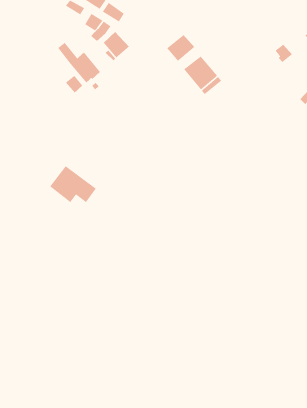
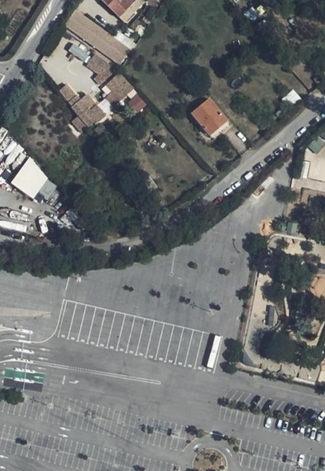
building: [166,34,195,62] -> none
building: [49,165,97,203] -> [10,158,59,197]

